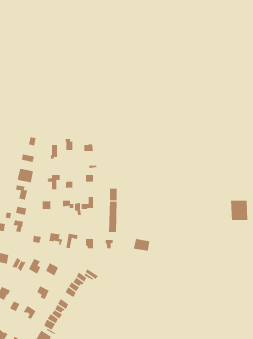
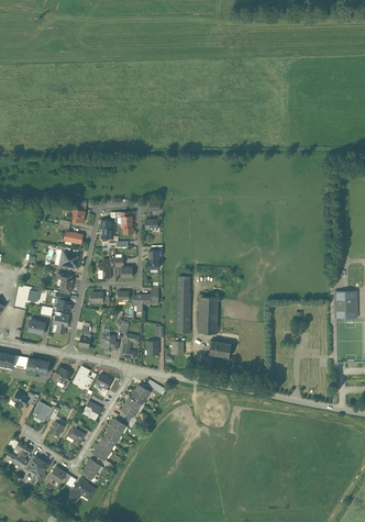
building: none -> [199,297,218,333]

